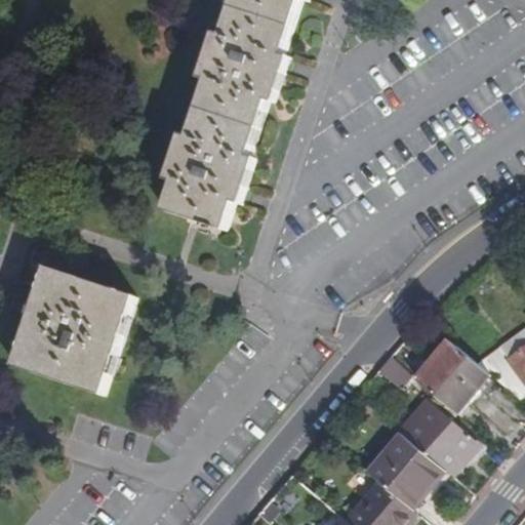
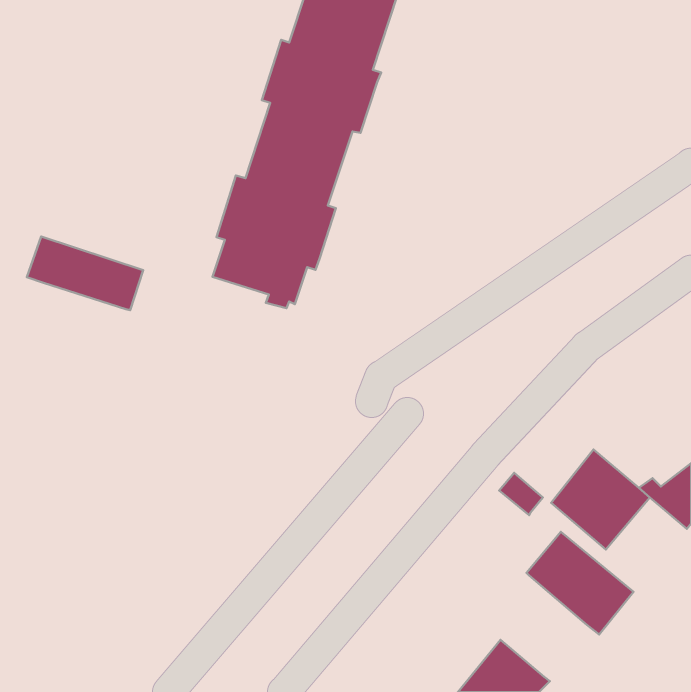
building: none -> [27,236,143,310]
building: [10,265,132,394] -> none
building: [364,431,439,507] -> none

